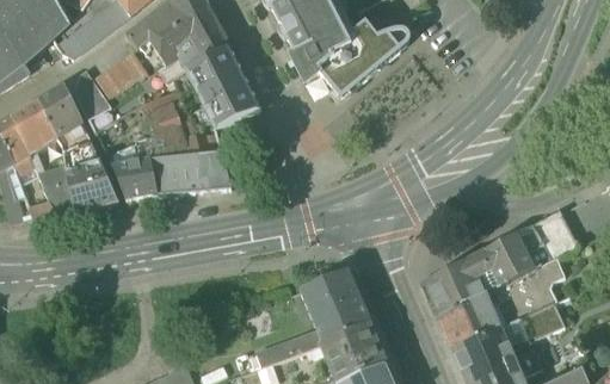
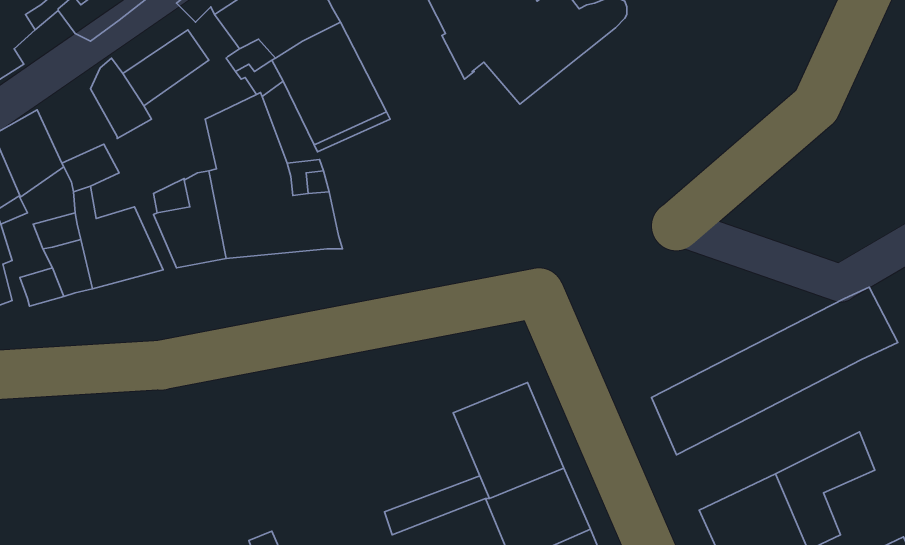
building: [39,85,81,134] -> none
building: [438,256,563,351] -> none

